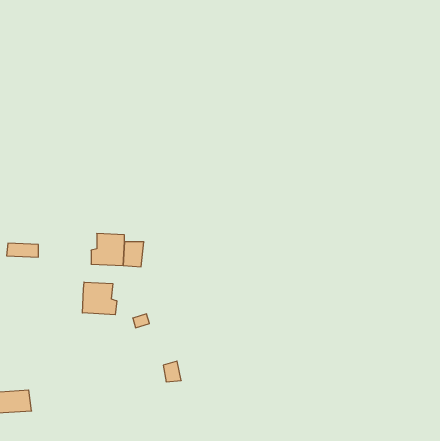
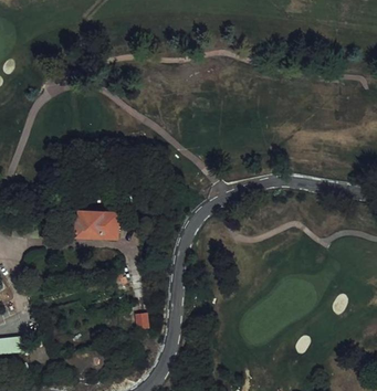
building: [82,282,117,315] -> none

